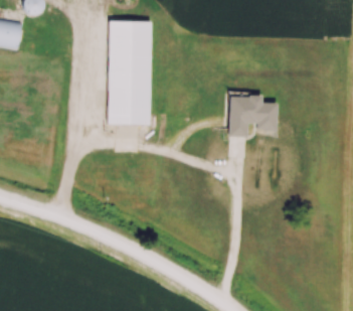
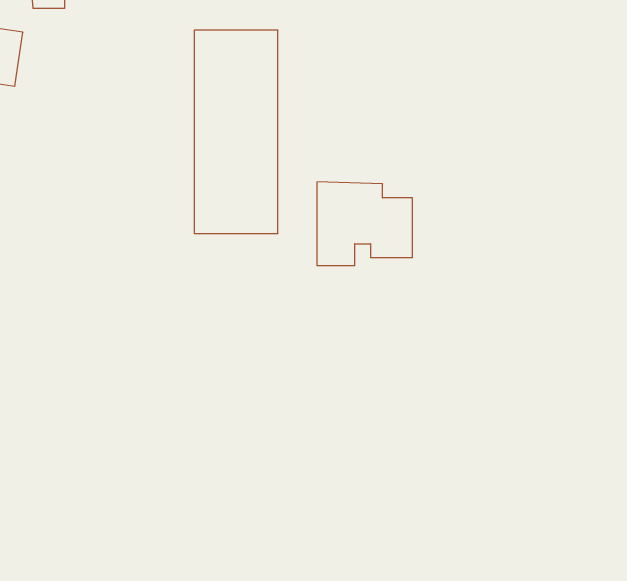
building: [229,94,278,136] -> [317,182,412,266]

